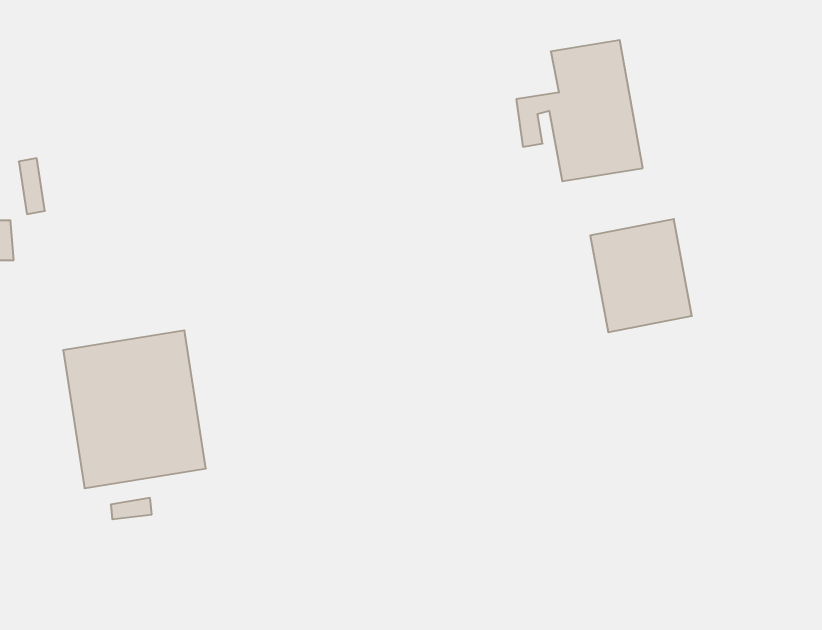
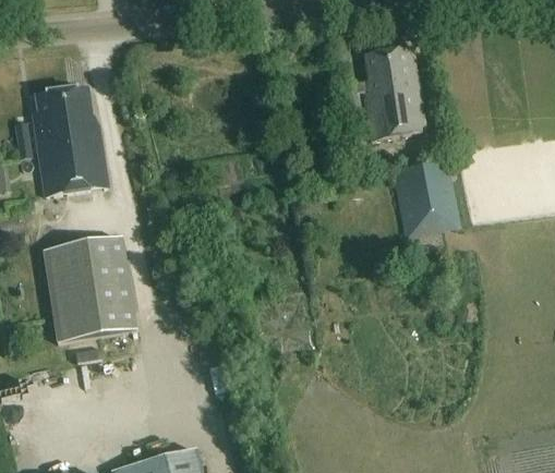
building: none -> [36,86,108,196]

